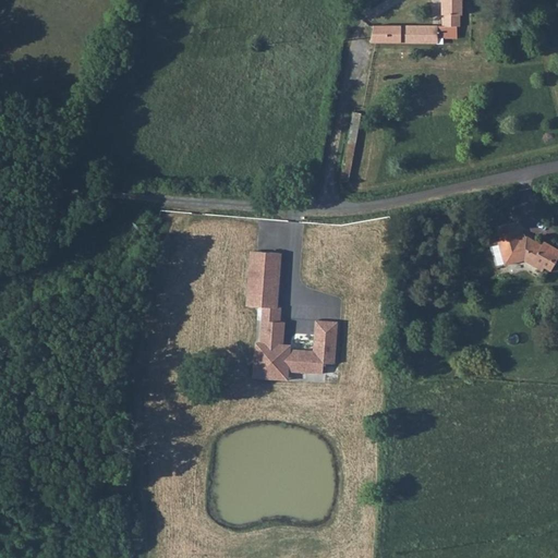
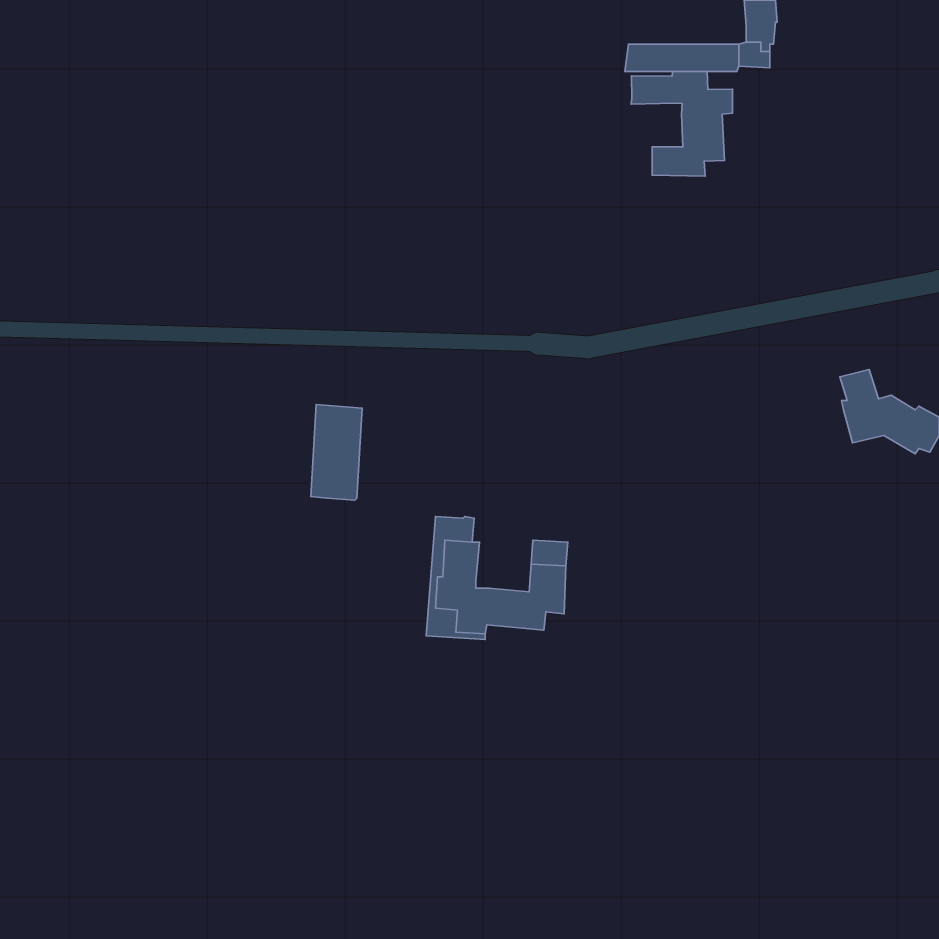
building: none -> [631,72,733,176]
building: [248,251,279,307] -> [311,405,362,500]

